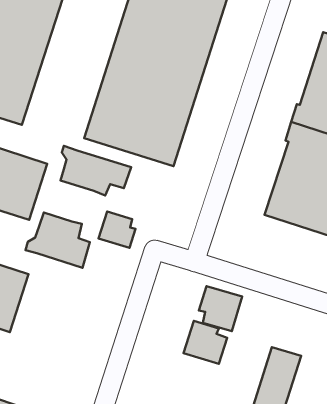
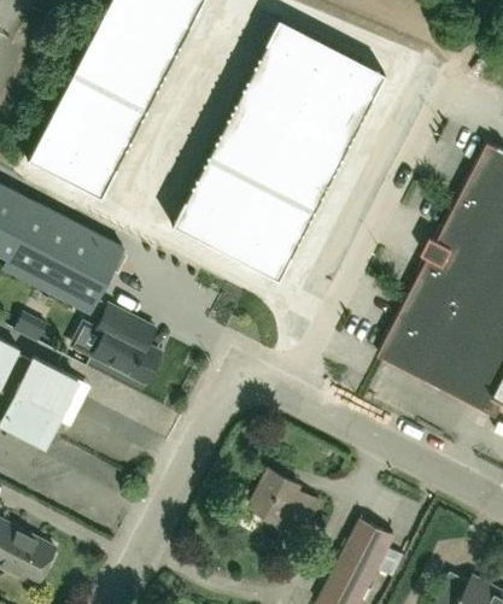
building: [61,146,131,195] -> none
building: [99,212,135,248] -> none
building: [199,286,242,331] -> none

